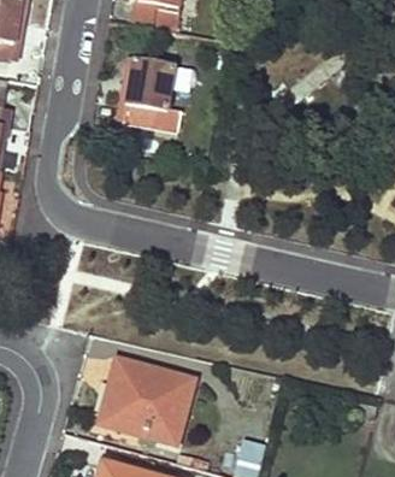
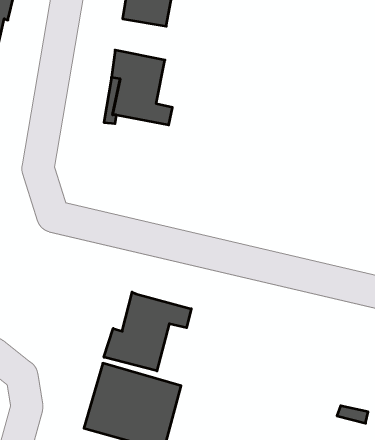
building: none -> [104,292,191,371]

